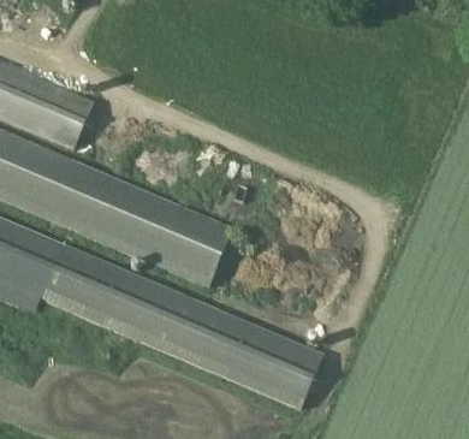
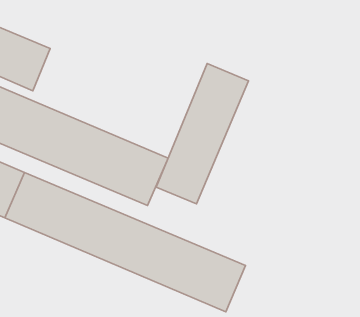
building: none -> [156,64,249,204]

